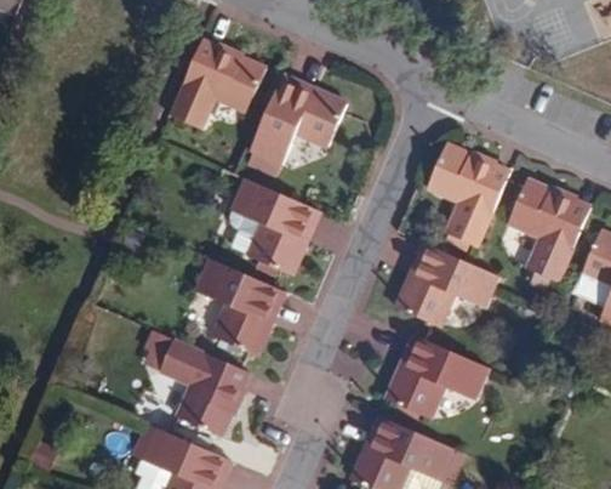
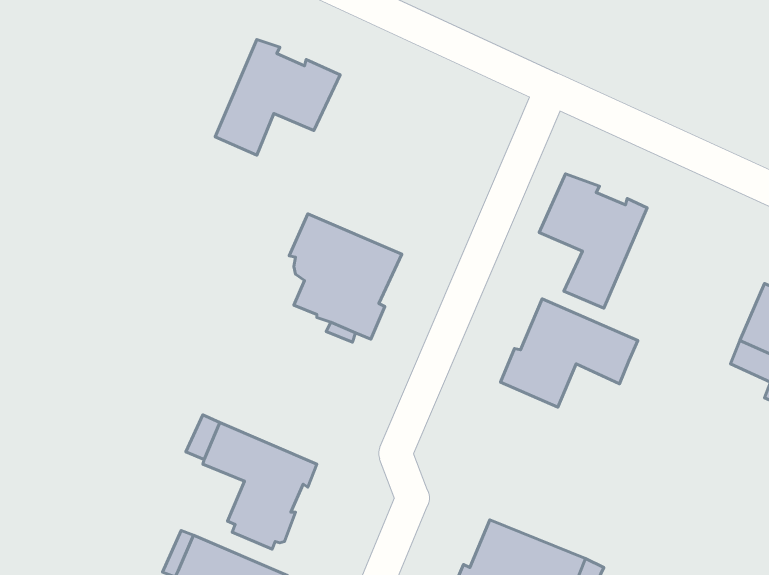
building: [250,78,349,164] -> none
building: [506,178,589,285] -> none
building: [193,258,281,354] -> none
building: [388,334,496,419] -> none

